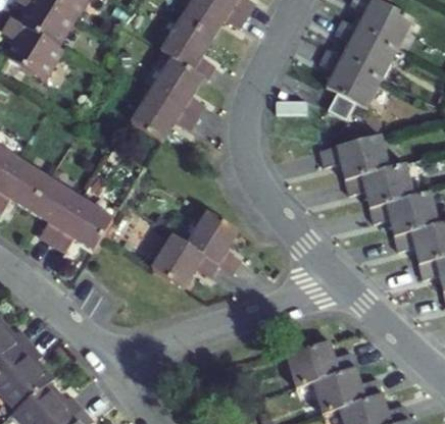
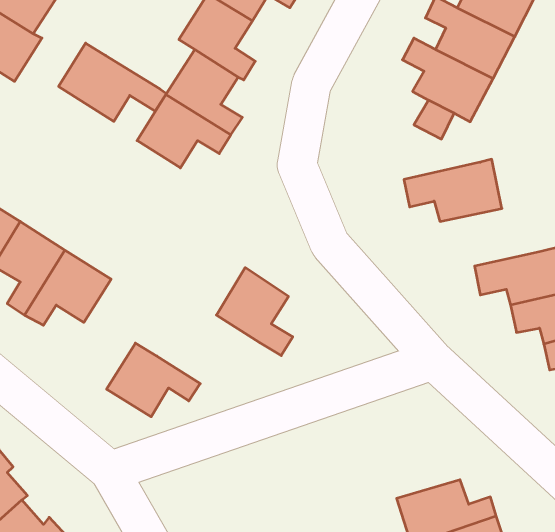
building: none -> [59,43,166,121]
building: [344,166,414,211] -> none
building: [150,236,216,288] -> [107,343,200,417]
building: [289,332,358,380] -> none

